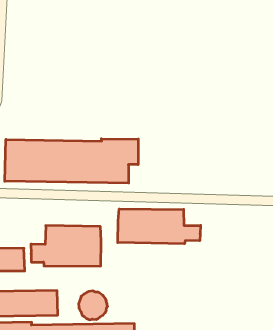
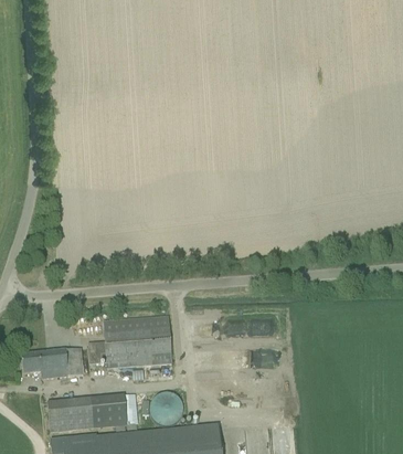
building: [5,139,138,183] -> none
building: [118,209,201,244] -> none

